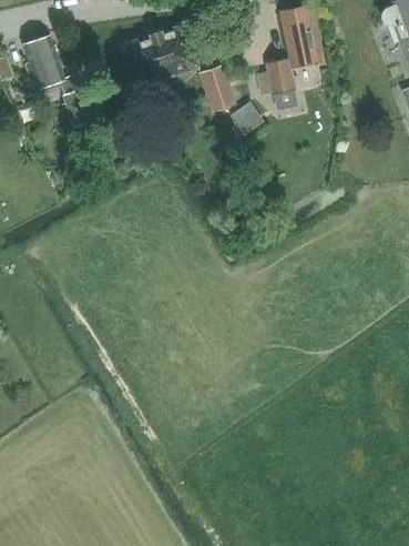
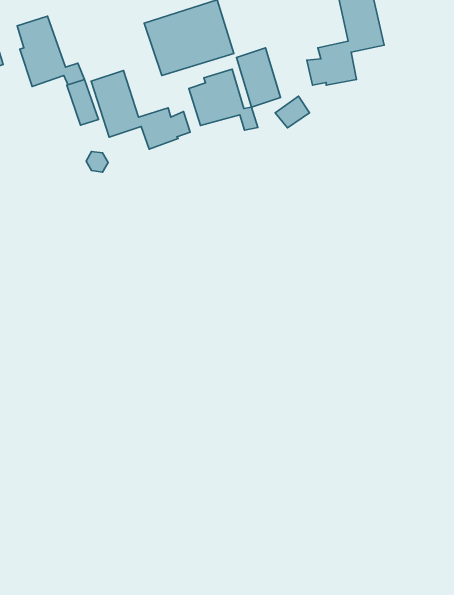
building: none -> [189,69,258,130]
building: none -> [91,71,190,149]

